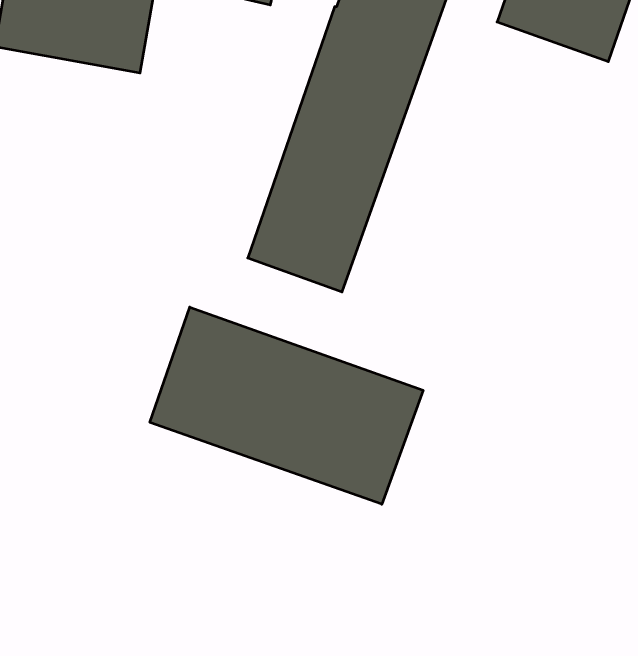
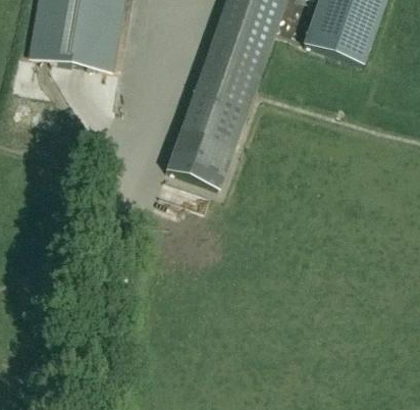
building: [150,307,423,504] -> none

